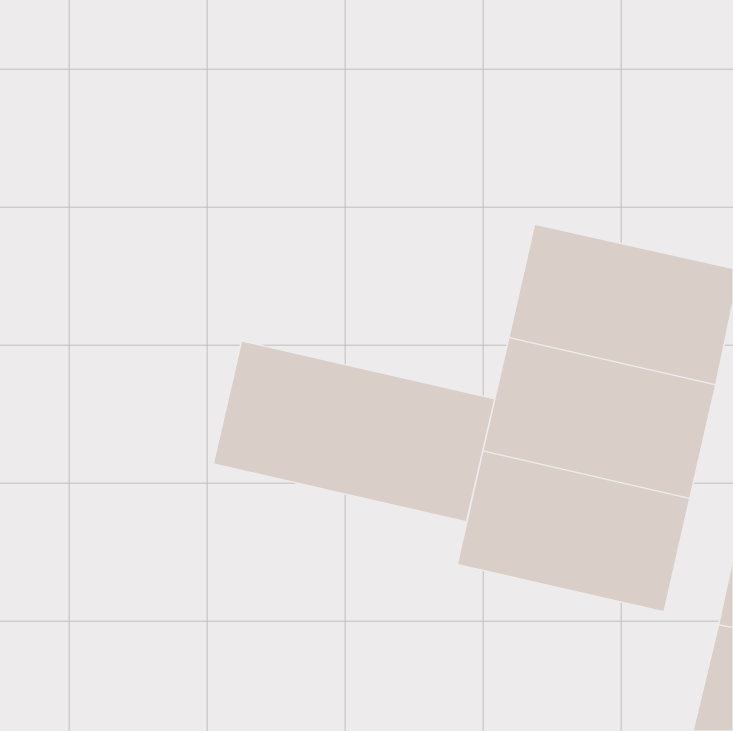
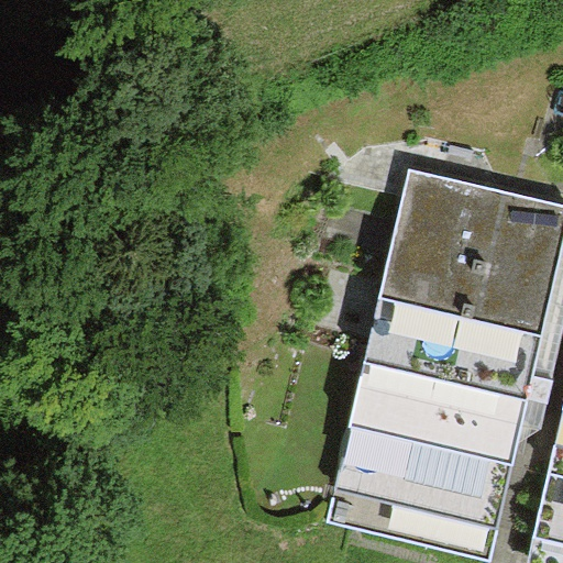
building: [213,341,495,522] -> none
building: none -> [330,432,508,555]

